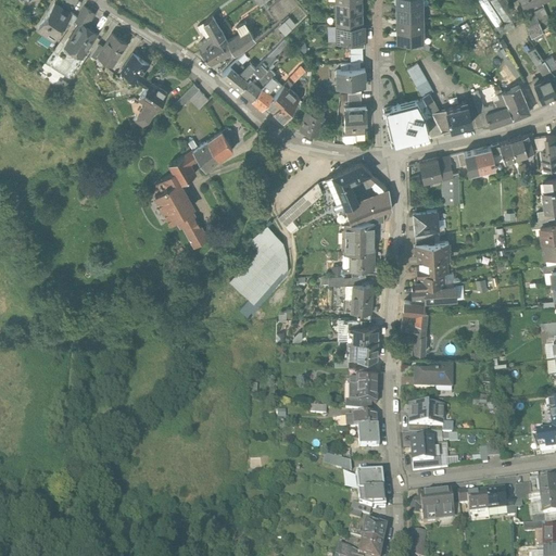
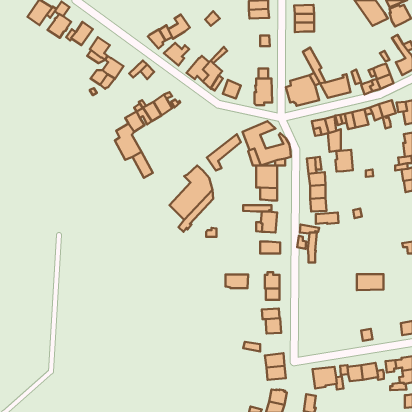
building: [198,15,225,48] -> none
building: [337,25,365,42] -> none
building: [241,39,288,99] -> none
building: [337,70,366,87] -> none
building: none -> [335,150,353,171]
building: [348,342,378,361] -> [226,274,248,288]
building: [416,367,452,389] -> [357,274,383,290]
building: [409,407,444,427] -> none
building: [413,441,433,465] -> none

